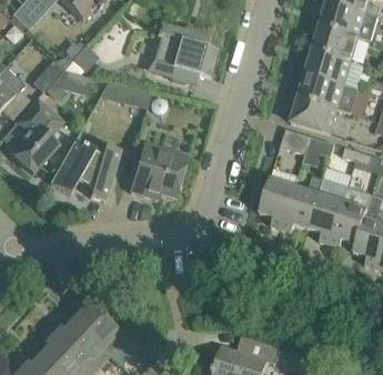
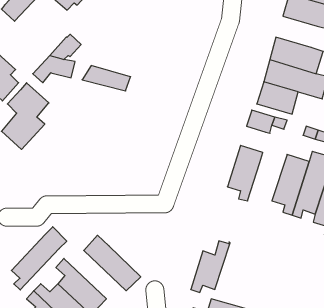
building: [148,23,216,83] -> none
building: [311,26,356,60] -> none
building: [49,140,120,201] -> none
building: [129,142,187,199] -> none
building: [280,175,323,232] -> [191,241,230,292]
building: none -> [11,227,67,290]
building: none -> [84,235,141,291]

